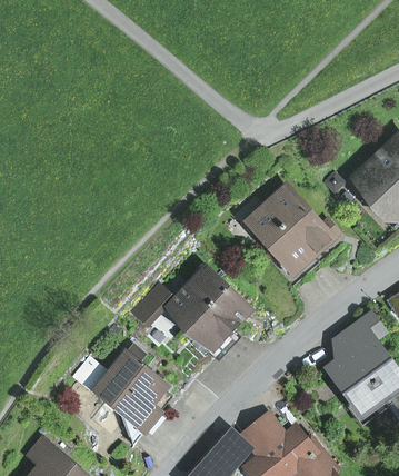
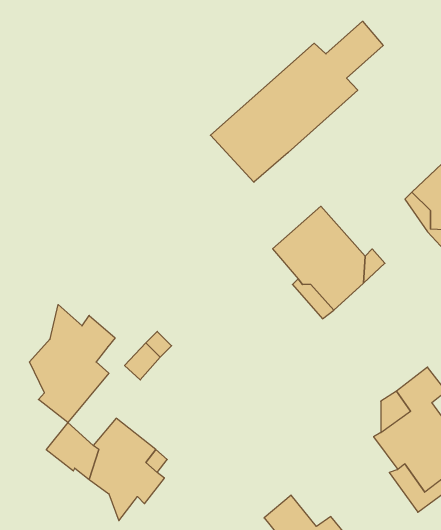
building: none -> [210,21,383,182]
building: none -> [29,305,115,423]
building: [171,268,249,345] -> none

